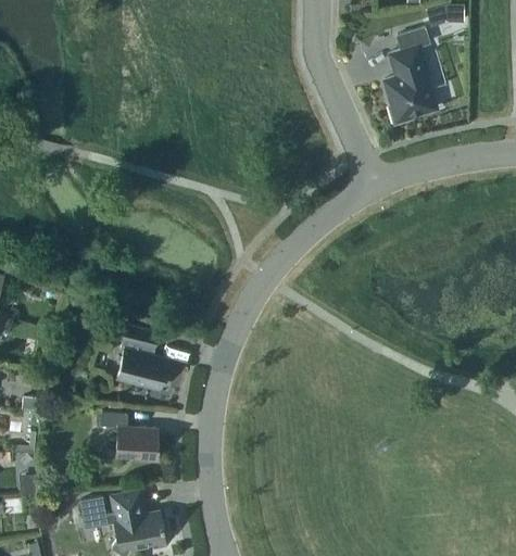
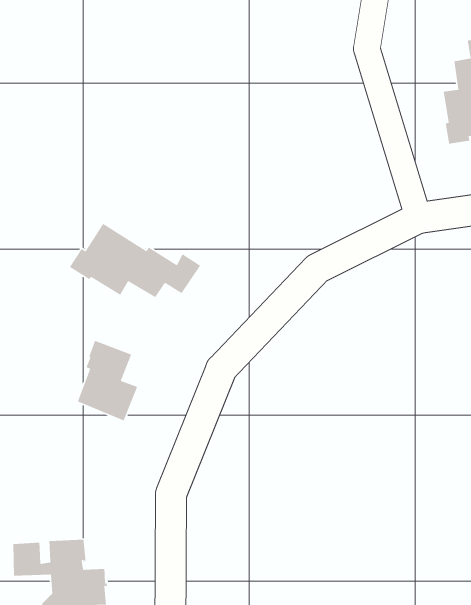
building: none -> [69,223,201,298]
building: [101,414,158,459] -> none

